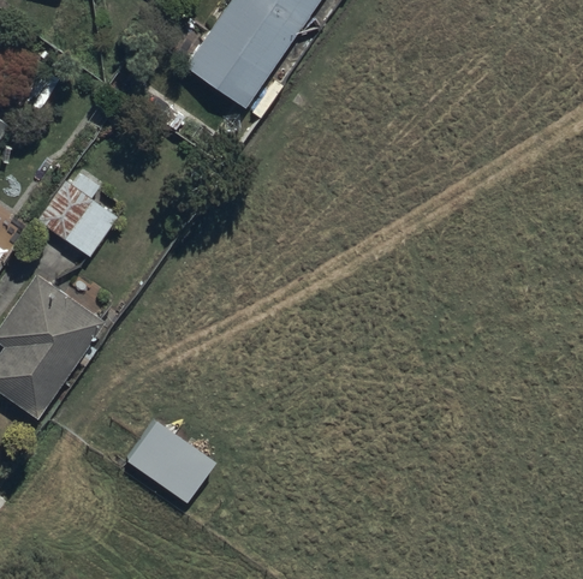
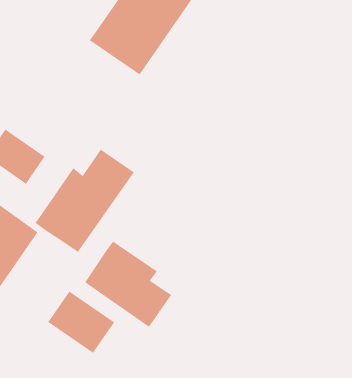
building: none -> [35,148,135,253]
building: none -> [84,240,172,328]

